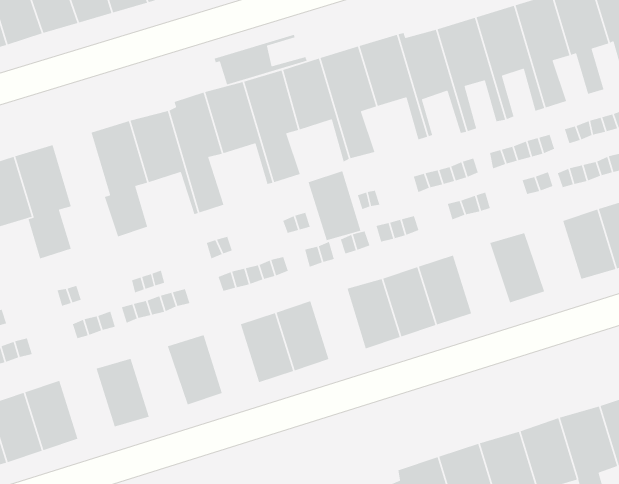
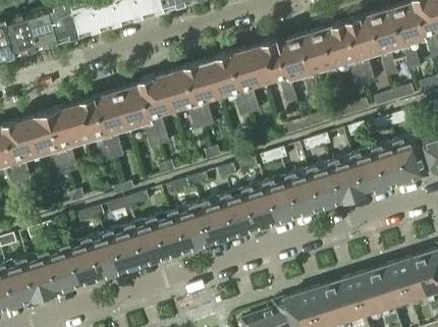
building: [213,34,308,86] -> none
building: none -> [67,99,101,144]
building: [307,170,362,241] -> [222,193,255,235]
building: none -> [350,152,384,195]
building: none -> [308,165,341,208]
building: none -> [158,214,190,256]
building: none -> [114,227,148,270]
building: none -> [71,240,104,283]

